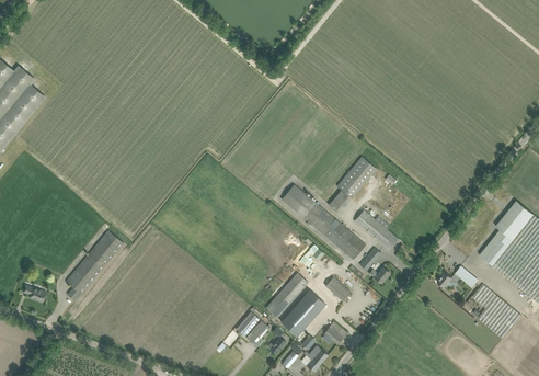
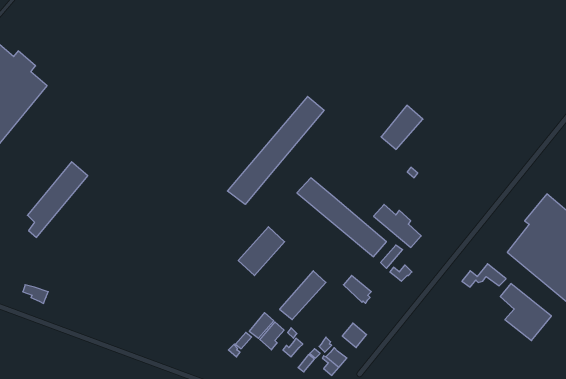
building: none -> [227,96,324,204]
building: [337,156,377,197] -> [381,105,423,149]
building: [67,230,124,301] -> [27,162,88,237]
building: [282,289,325,335] -> [238,227,285,276]

